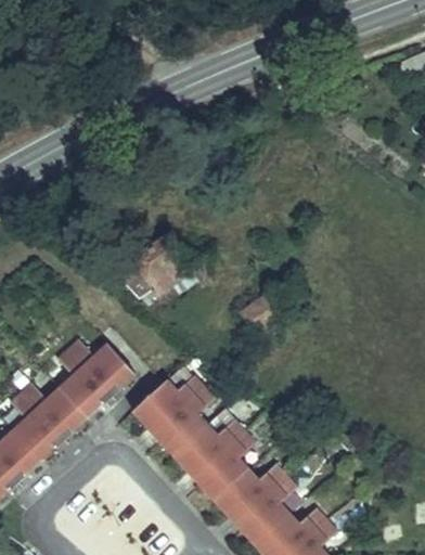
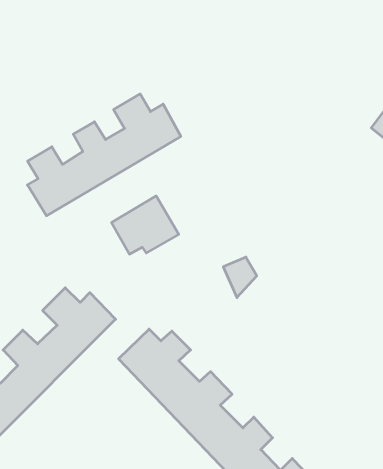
building: none -> [27,94,181,216]

